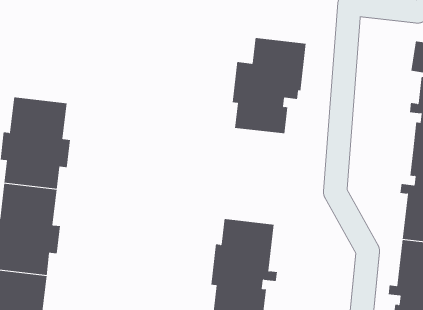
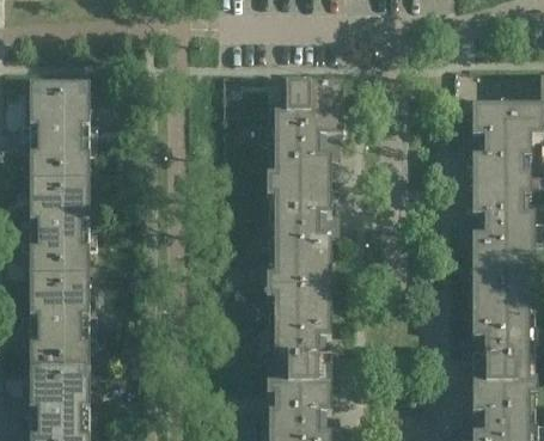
building: none -> [22,80,97,176]
building: none -> [268,182,340,282]

